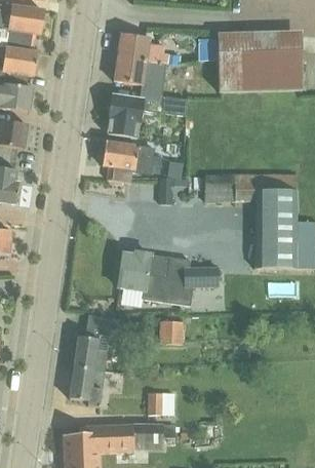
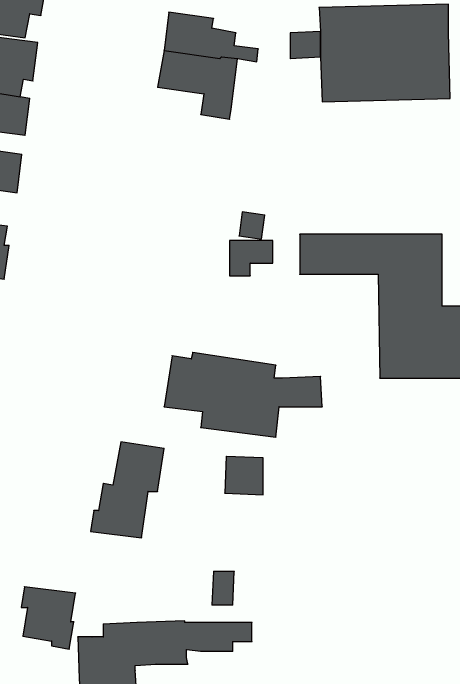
building: [108,95,184,138] -> none
building: [103,142,154,182] -> none
building: [69,366,104,406] -> [21,587,76,649]

